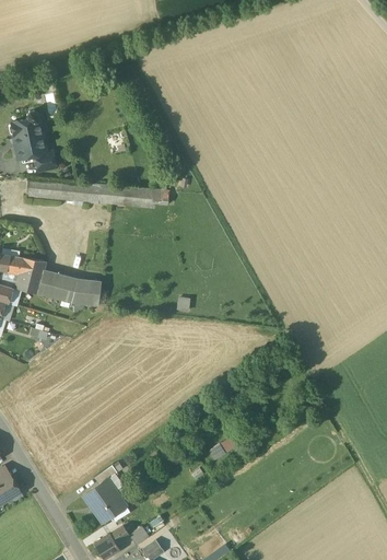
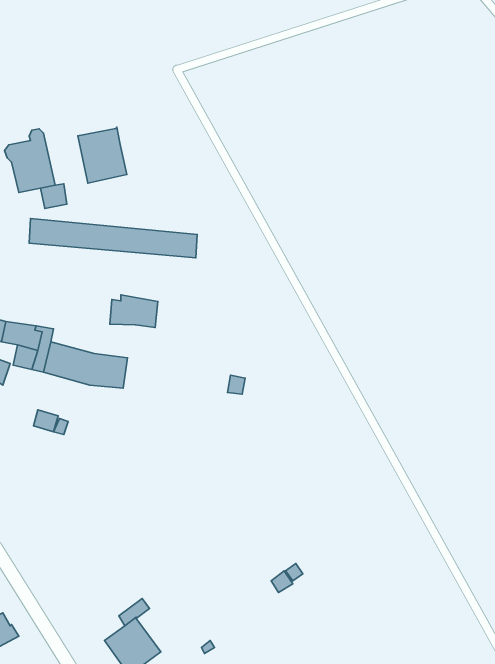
building: none -> [78,127,127,183]
building: none -> [110,295,158,328]

